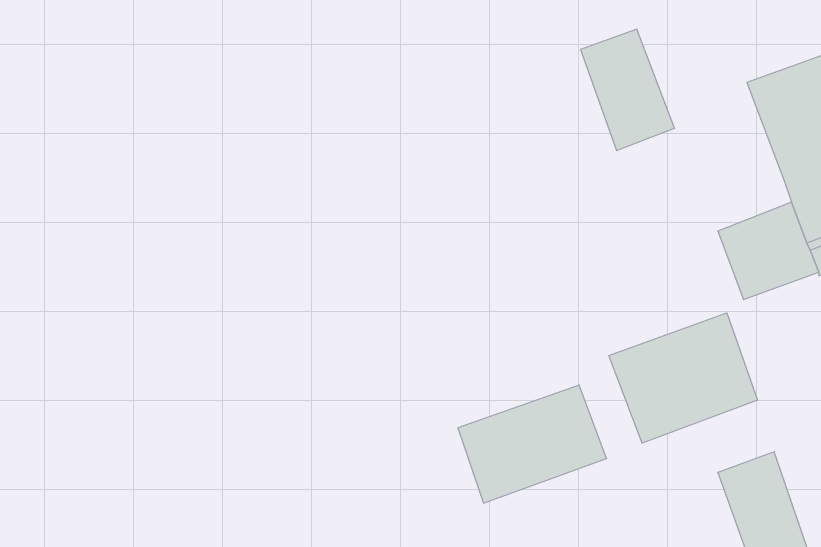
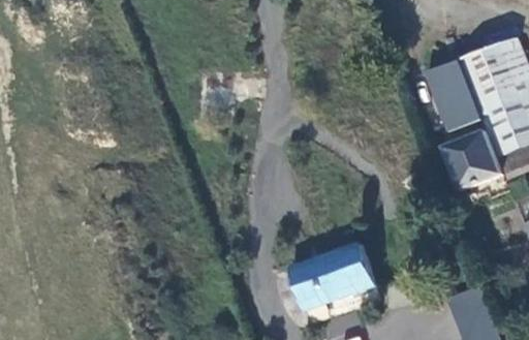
building: [581,29,675,150] -> [429,58,486,131]
building: [609,313,758,443] -> none

